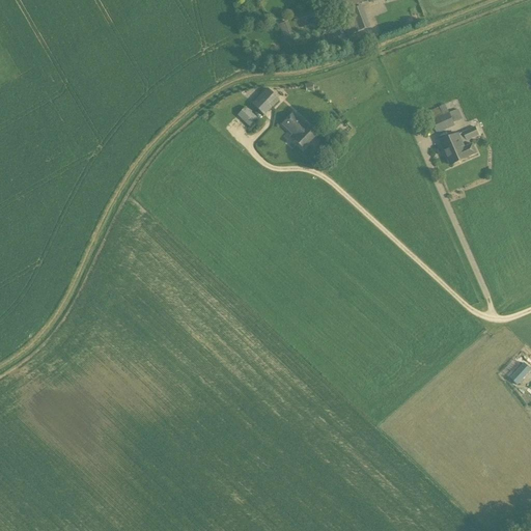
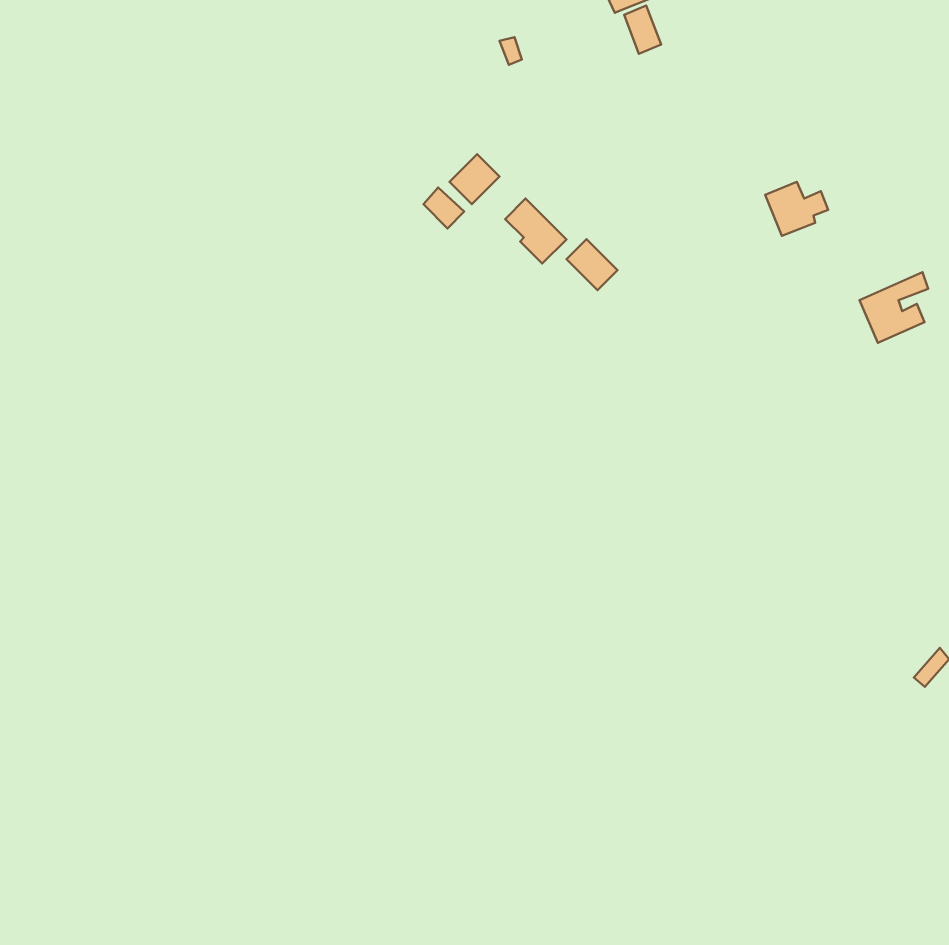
building: [441,124,479,164] -> [859,272,928,343]
building: none -> [566,239,617,290]

